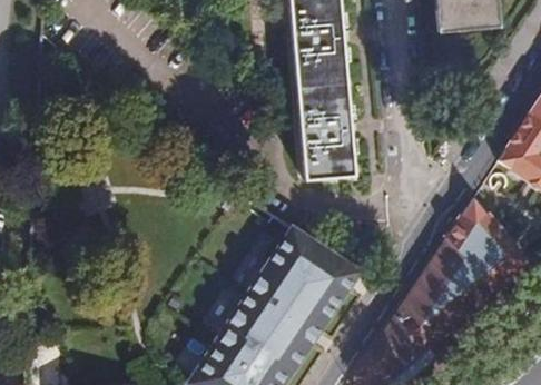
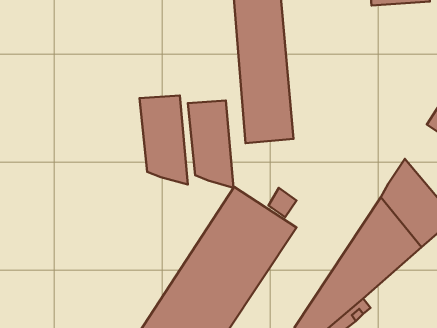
building: none -> [139,96,188,184]
building: none -> [188,101,234,188]

